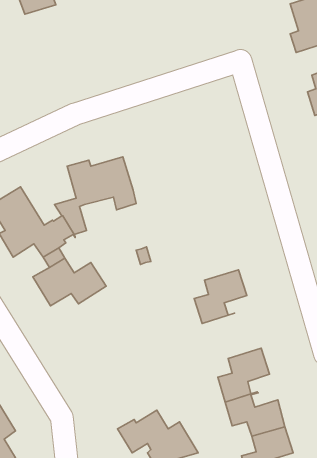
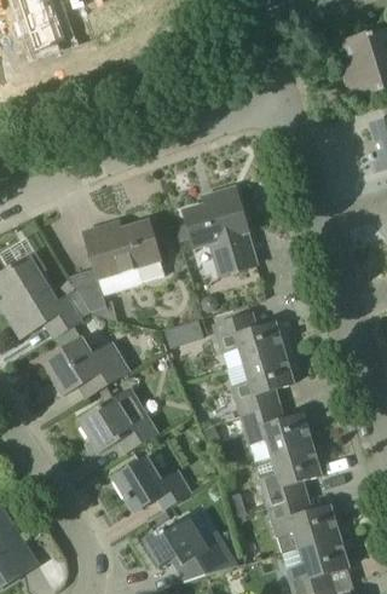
building: none -> [184,186,256,275]
building: none -> [214,311,284,364]
building: none -> [79,388,157,452]
building: none -> [242,403,311,456]
building: none -> [115,459,190,511]

